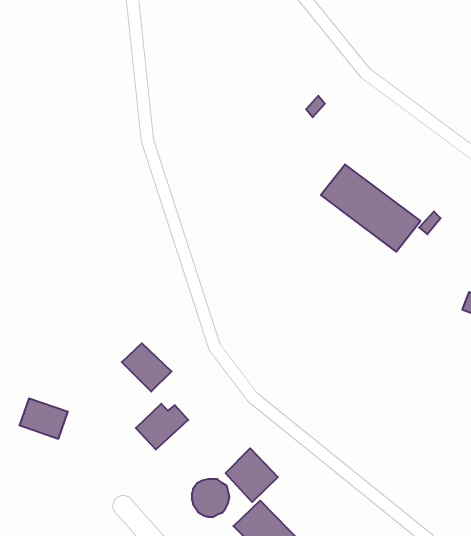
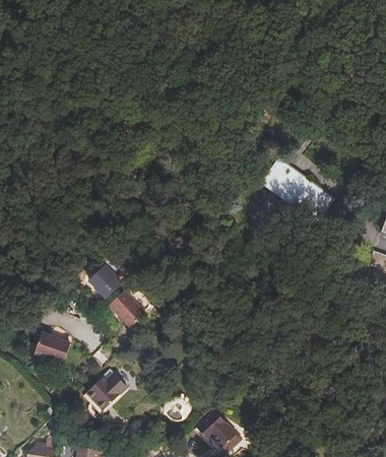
building: none -> [89,262,126,299]
building: [136,404,188,450] -> [84,376,124,410]
building: [226,448,278,502] -> none

